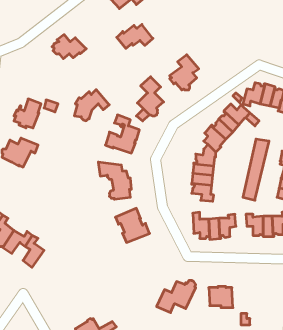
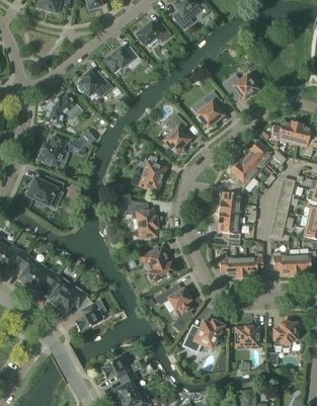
building: [117,24,153,48] -> [104,46,141,70]
building: none -> [223,74,257,99]
building: [74,90,109,121] -> [45,93,80,125]
building: none -> [57,283,87,312]
building: none -> [155,288,192,314]
building: none -> [74,302,103,331]
building: none -> [273,321,296,347]

